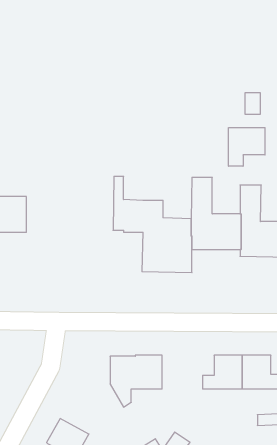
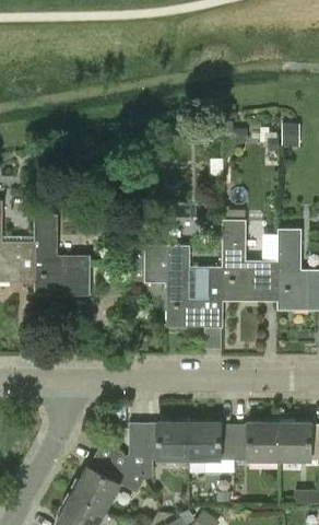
building: [229,128,265,166] -> none
building: none -> [33,214,90,296]
building: none -> [188,422,234,471]
building: none -> [72,442,144,512]

